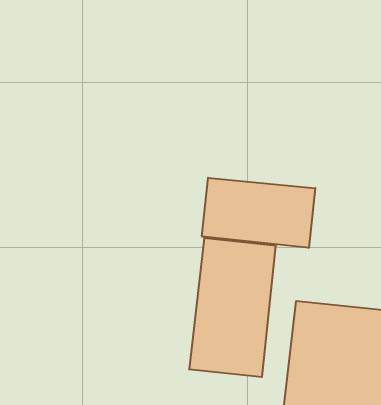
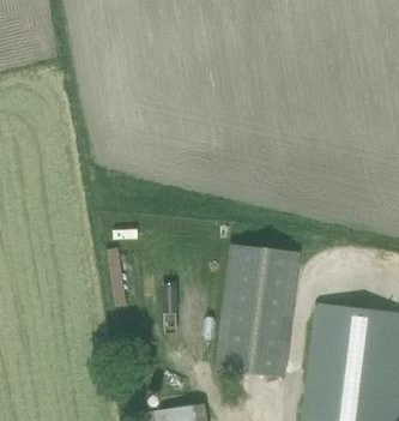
building: [202,178,315,248] -> none

